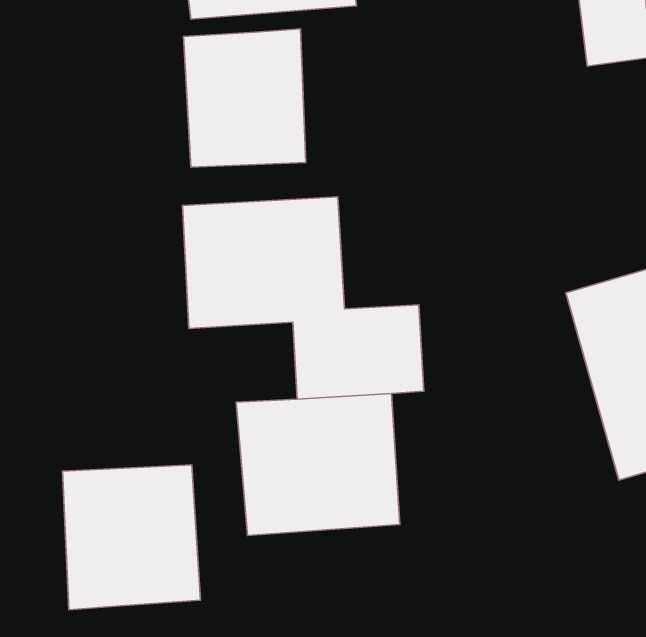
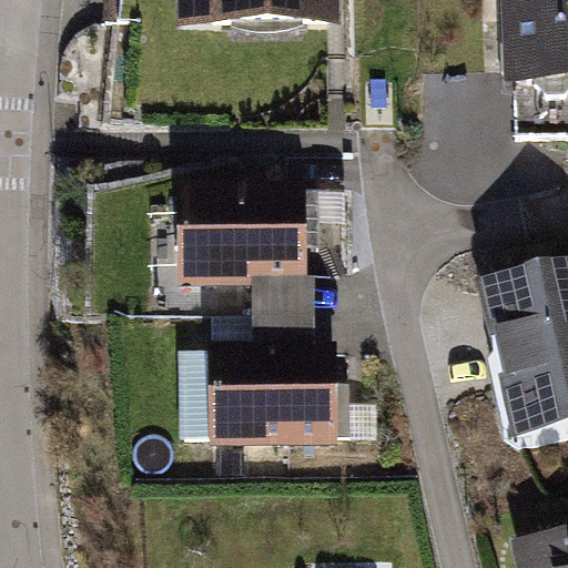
building: [184,29,306,167] -> none
building: [63,465,200,610] -> none

